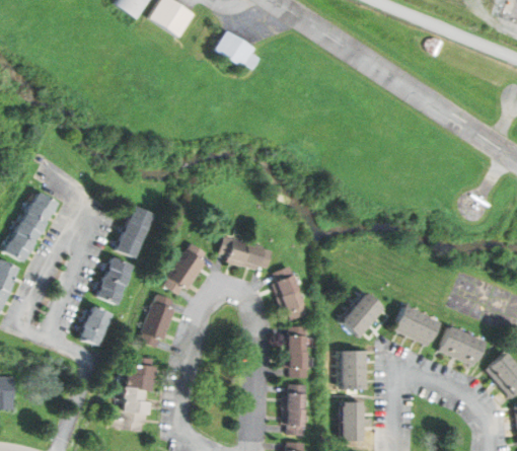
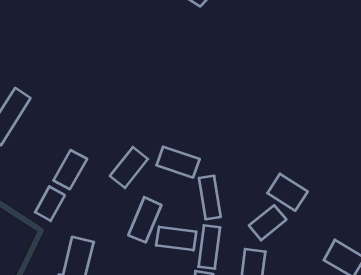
building: [117,205,153,256] -> none
building: [139,294,174,349] -> [128,197,161,242]
building: [392,304,441,347] -> [267,174,308,211]
building: none -> [156,227,196,250]

